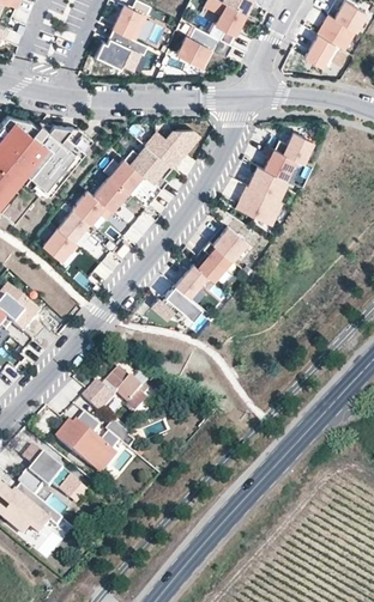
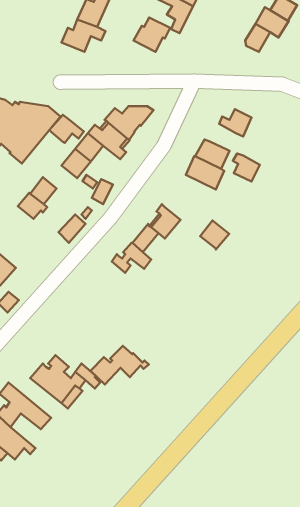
building: [263,147,294,180] -> [233,153,260,182]
building: [72,193,111,225] -> [49,115,84,143]
building: [212,227,246,261] -> [200,220,229,250]
building: [83,371,150,415] -> [90,346,149,384]

